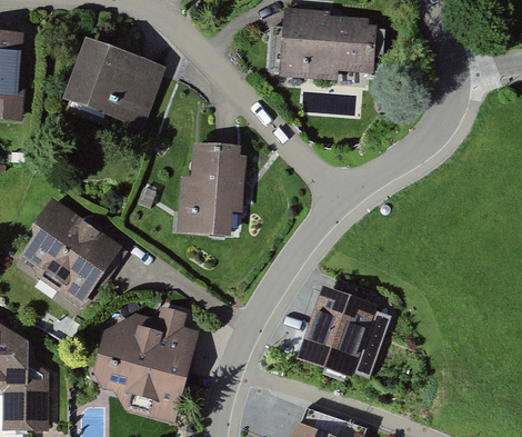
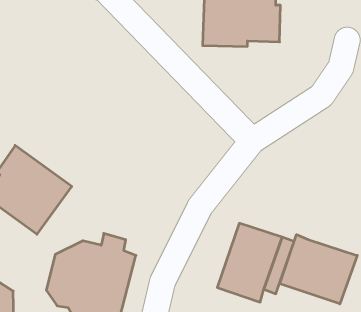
building: [66,40,164,125] -> none
building: [173,142,248,238] -> none
building: none -> [280,235,357,304]

